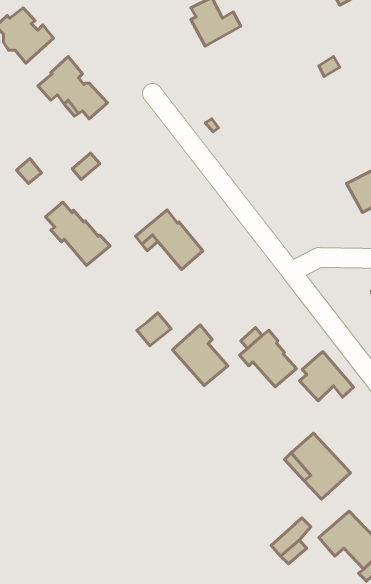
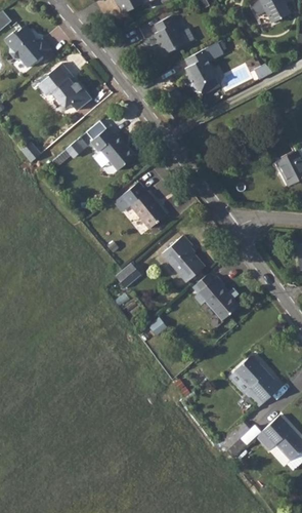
building: none -> [186,42,223,94]
building: [46,202,110,266] -> [85,121,135,170]
building: [173,325,228,386] -> [162,234,205,281]
building: [300,352,354,401] -> none

